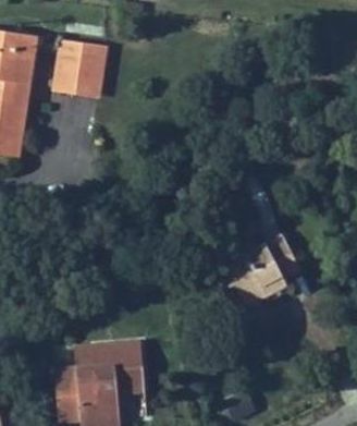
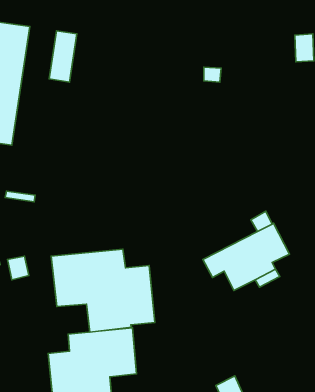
building: [75,42,106,96] -> none
building: none -> [51,249,155,332]

